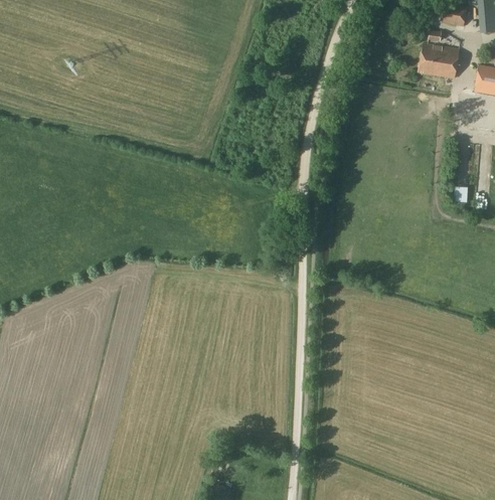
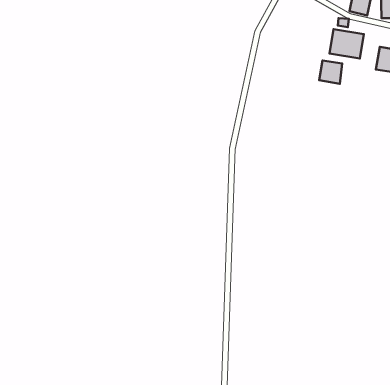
building: none -> [319,60,342,84]

